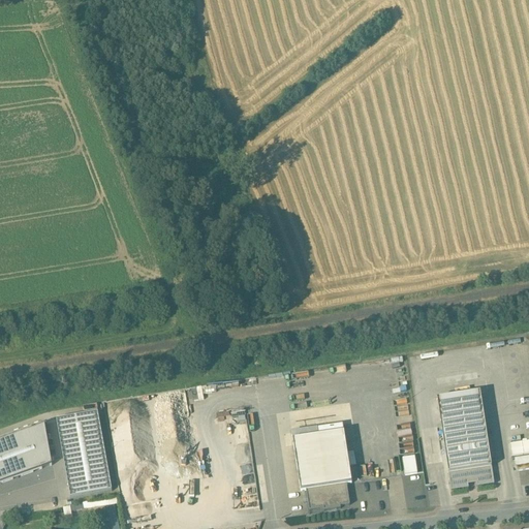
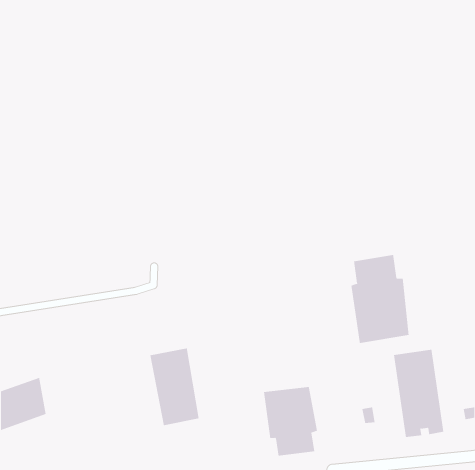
building: none -> [351,254,409,344]
building: [57,408,113,495] -> [149,348,200,426]

